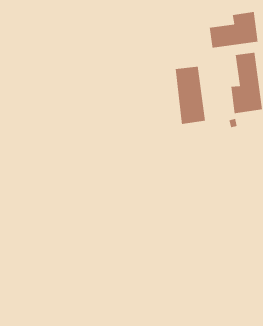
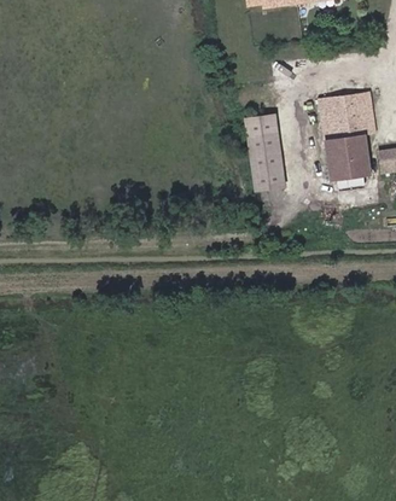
building: [209,11,258,49] -> none

